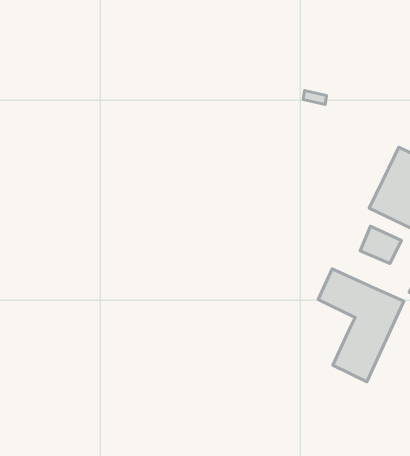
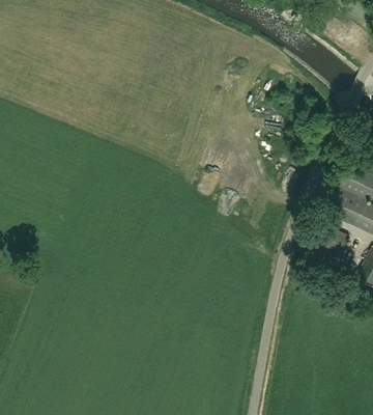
building: [318,269,404,382] -> none

